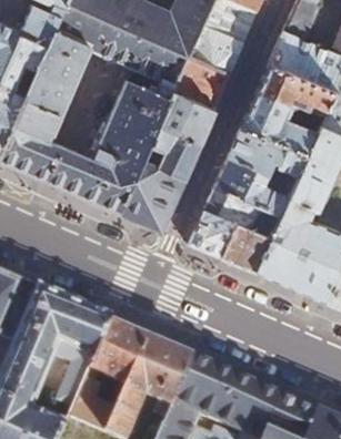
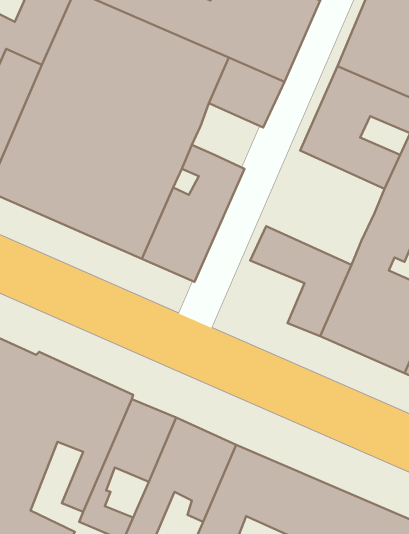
building: [164,90,213,141] -> none
building: [215,126,308,215] -> none
building: [189,212,245,261] -> none

